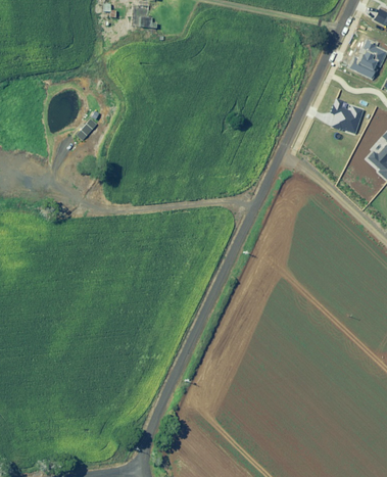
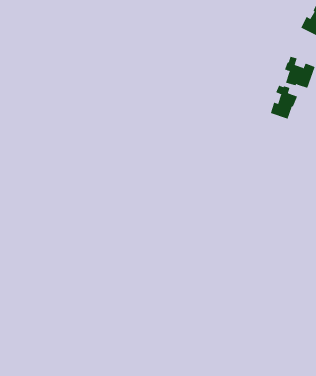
building: none -> [270,85,298,120]

